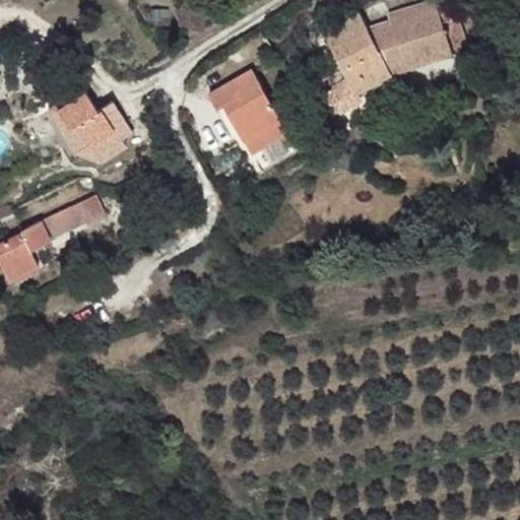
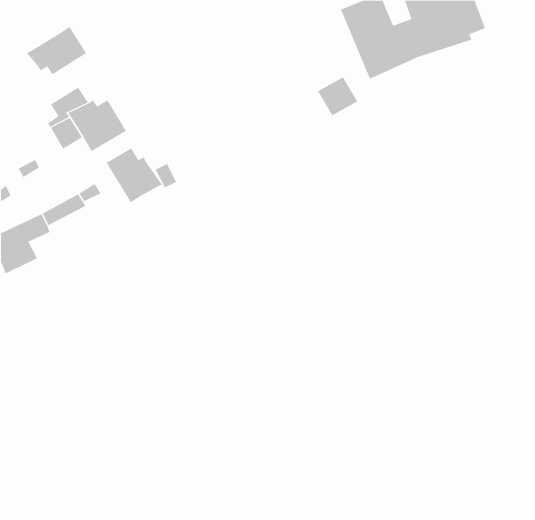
building: none -> [26,26,87,75]
building: [208,71,290,152] -> none
building: none -> [106,147,163,203]

